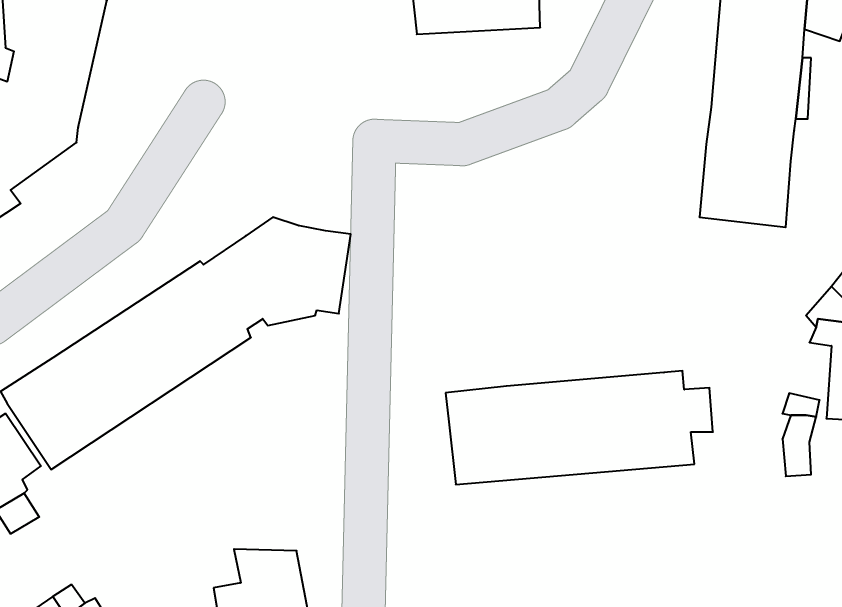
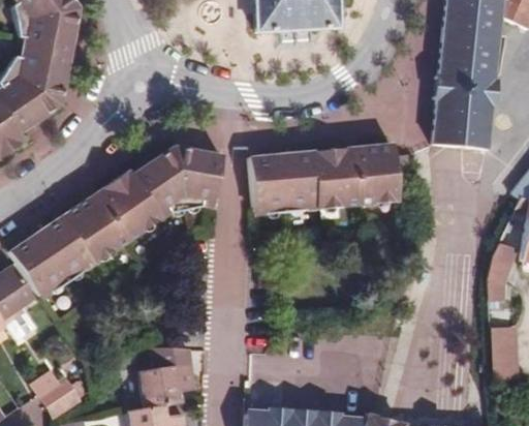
building: [446,371,713,484] -> [250,145,413,214]
building: none -> [490,320,515,372]

